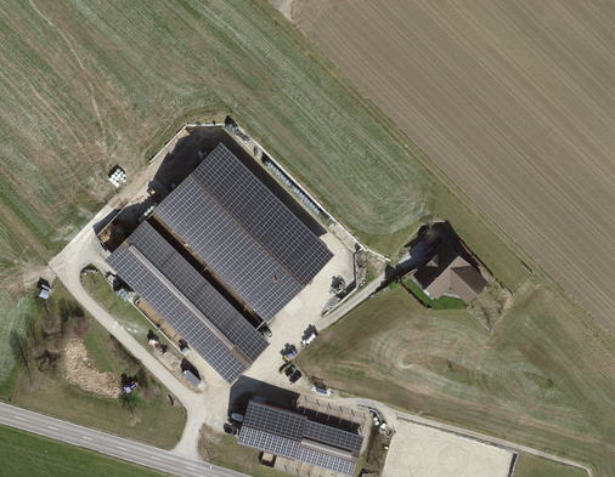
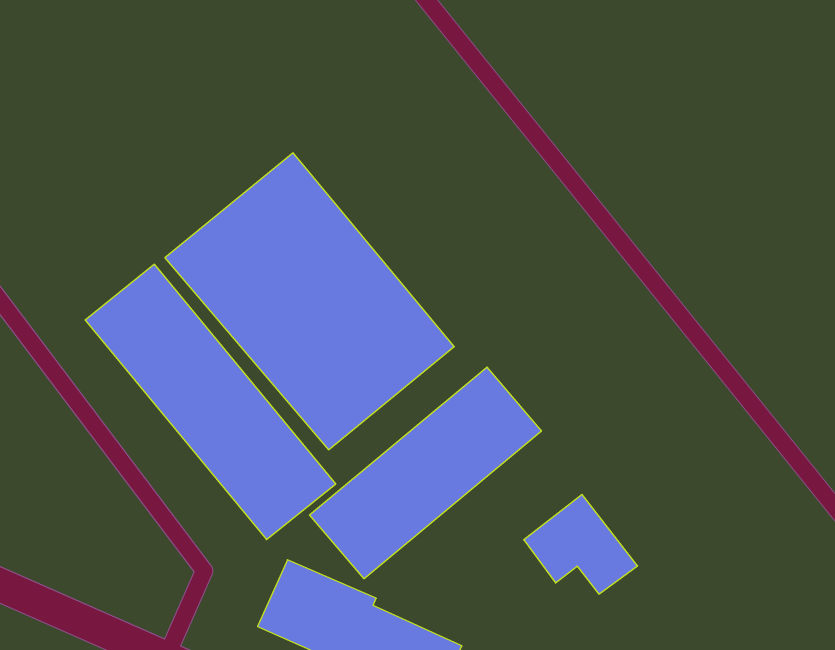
building: [416,243,489,303] -> [524,494,638,594]
building: none -> [310,367,541,579]

